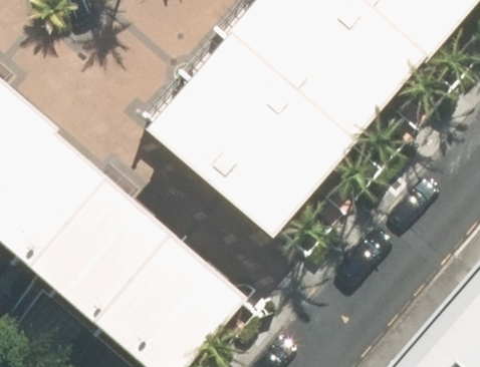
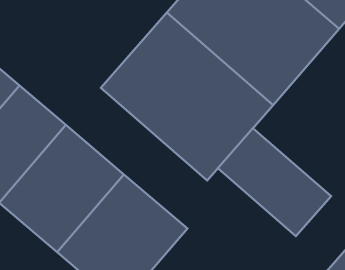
building: none -> [218,128,331,236]

